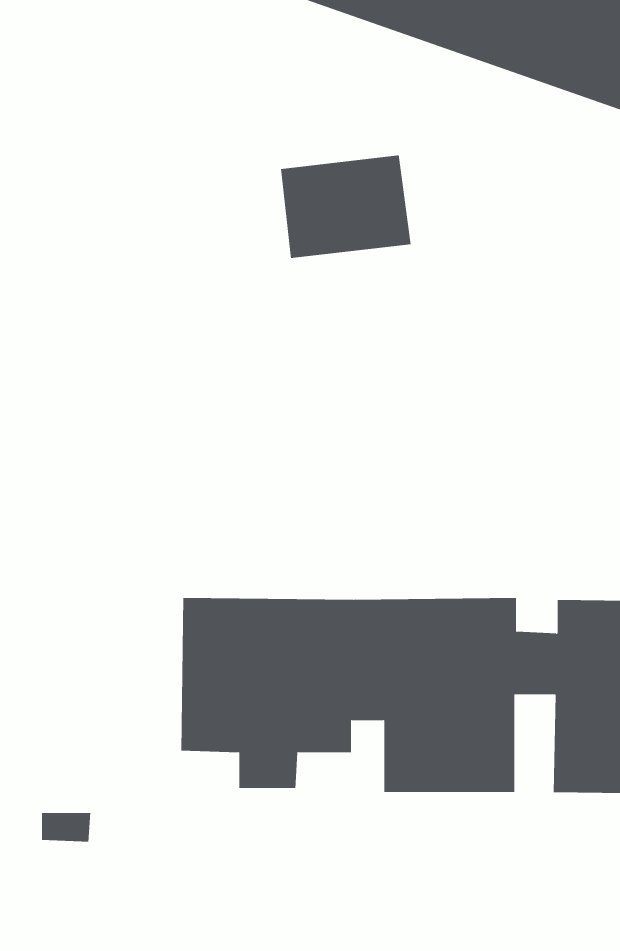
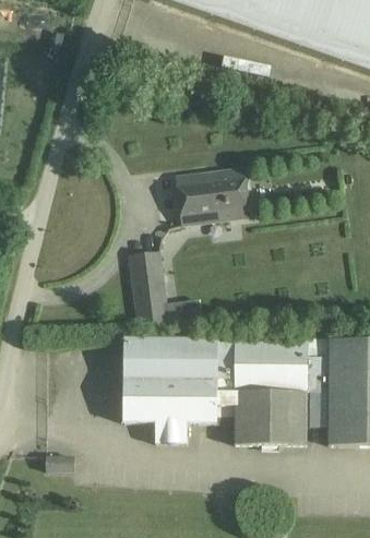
building: [280,155,411,259] -> [176,165,248,222]
building: none -> [128,248,169,326]

